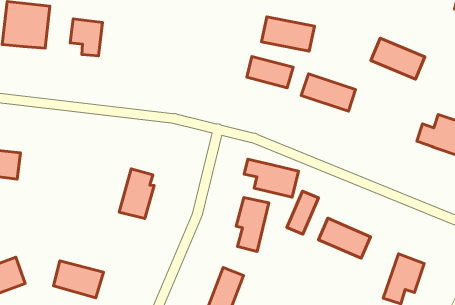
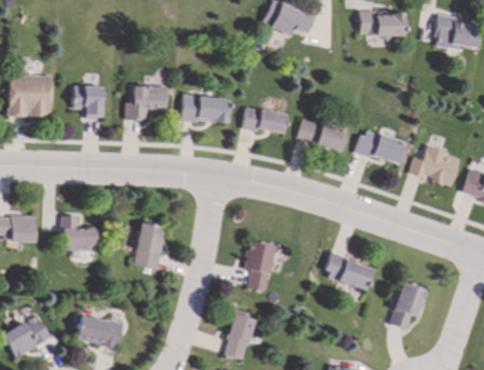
building: [262,17,315,51] -> [181,95,230,124]
building: none -> [126,86,167,120]
building: [371,38,425,79] -> [357,129,408,165]
building: none -> [62,216,97,251]
building: [244,159,299,197] -> none
building: [287,191,318,234] -> none

